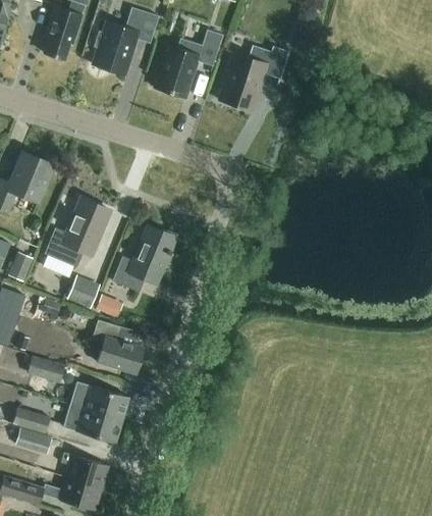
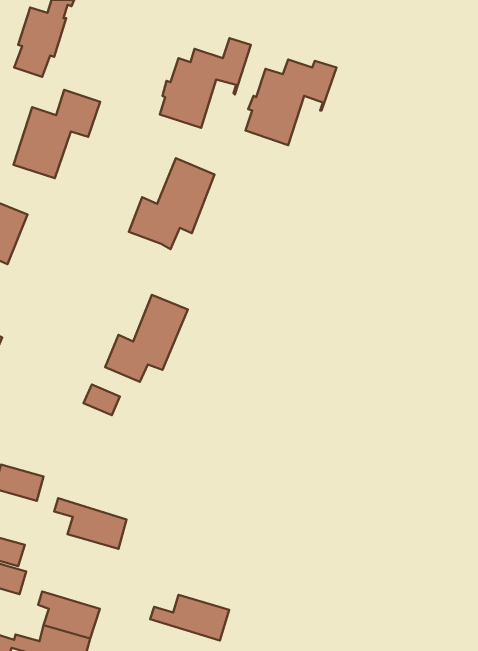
building: [93,7,159,74] -> [13,90,100,178]
building: [45,198,110,267] -> [129,158,214,249]
building: [66,274,100,308] -> none
building: [92,319,144,373] -> none
building: [62,408,122,443] -> [150,595,229,640]

